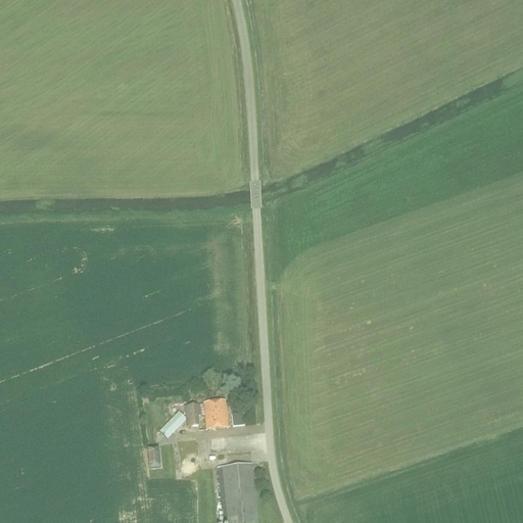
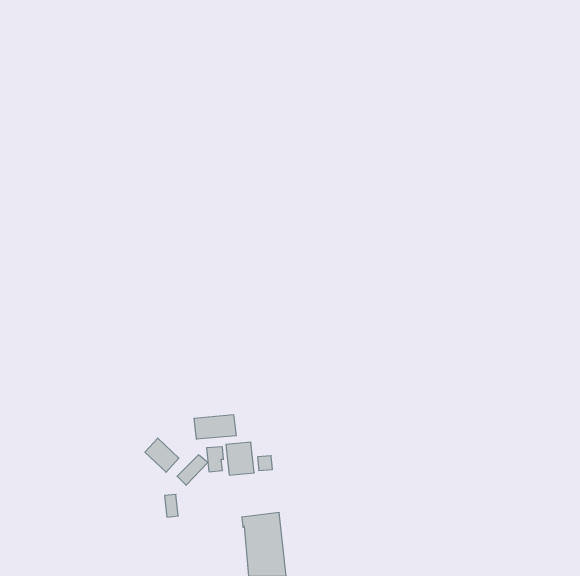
building: none -> [194,415,236,439]
building: none -> [145,438,179,472]

